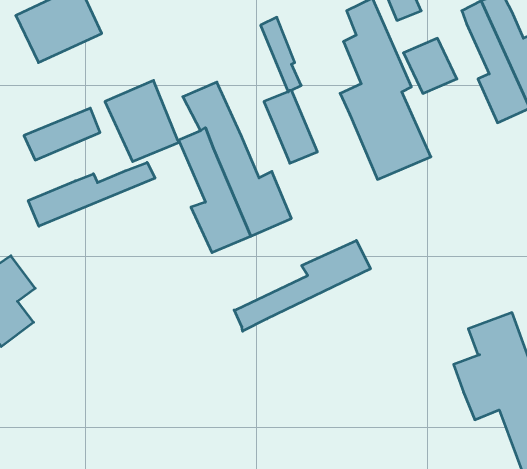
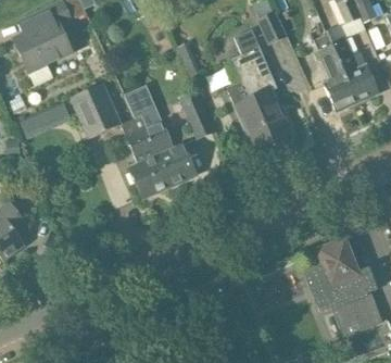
building: [28,162,155,226] -> none
building: [234,240,370,331] -> none

